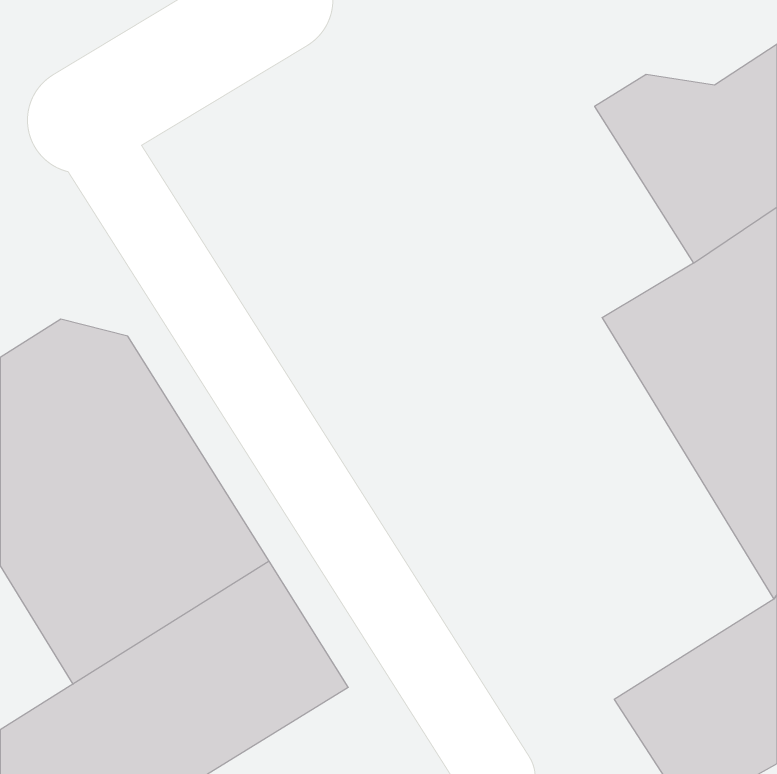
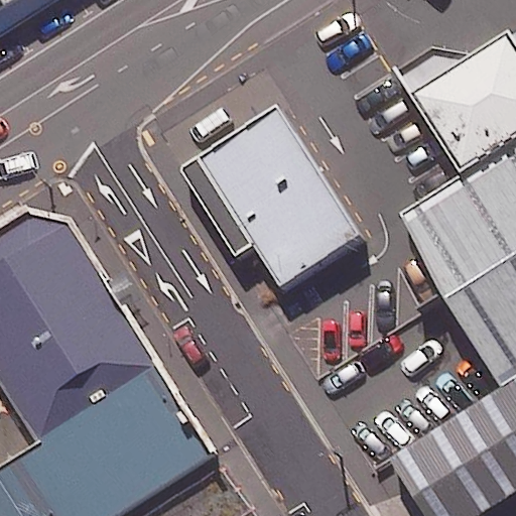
building: none -> [180,109,359,290]

